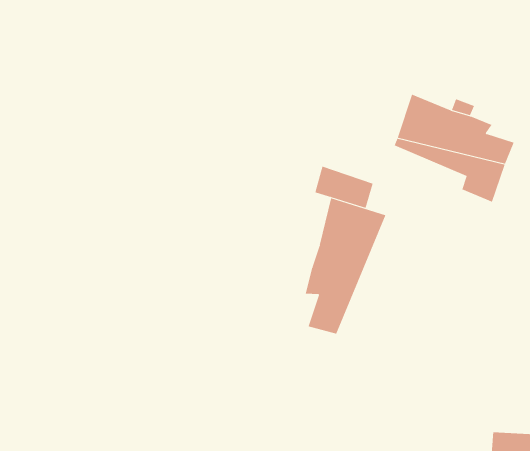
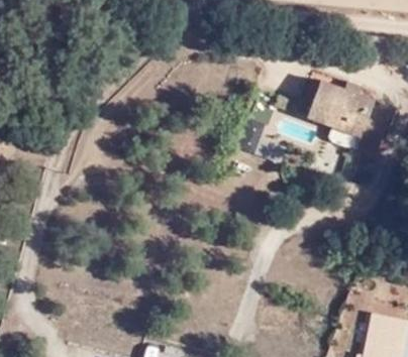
building: [305,197,386,334] -> none

